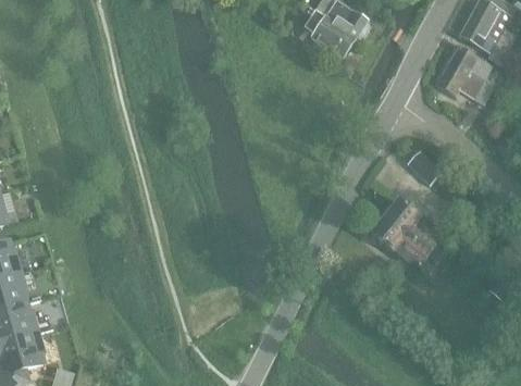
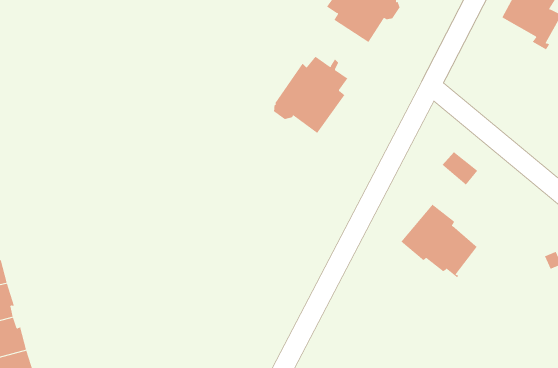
building: [436,45,493,103] -> none
building: none -> [274,56,348,134]

